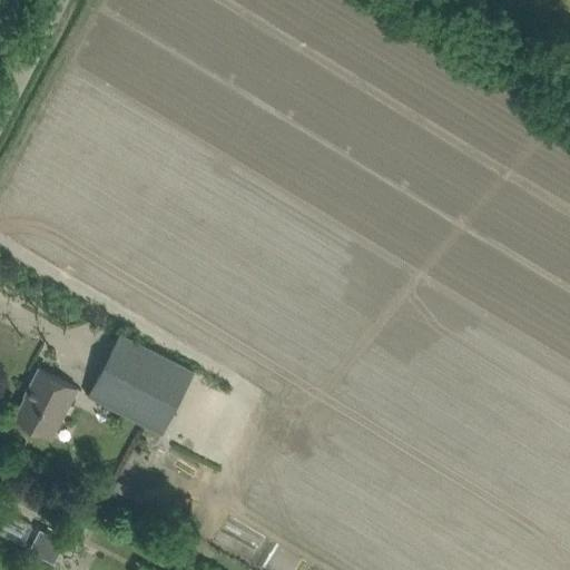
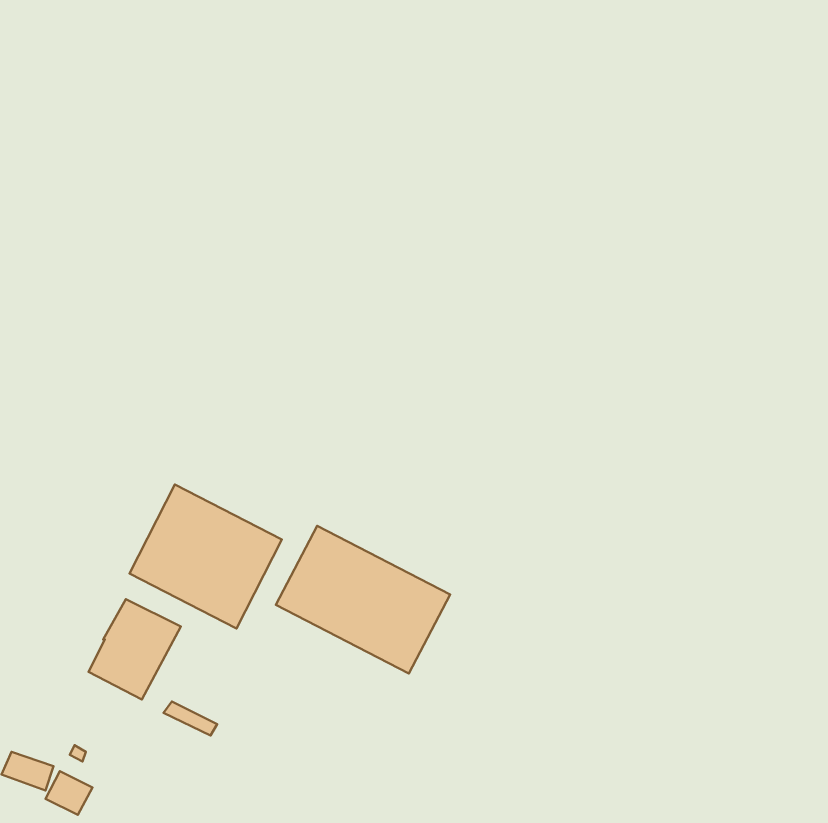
building: none -> [276,526,450,673]
building: [14,371,78,440] -> [88,599,181,700]

